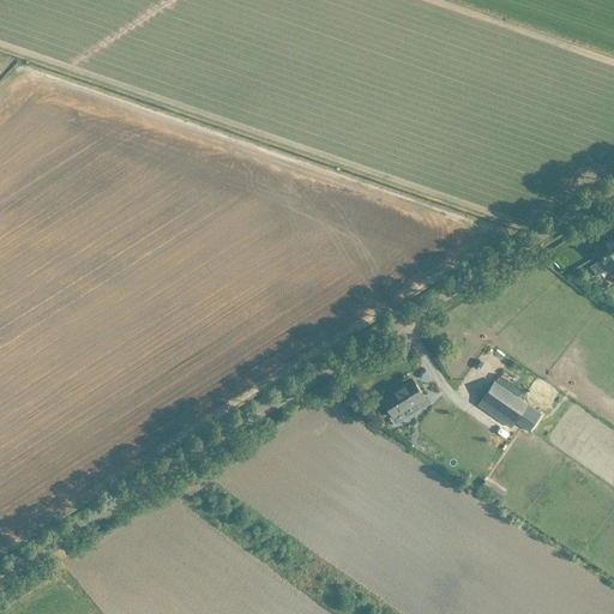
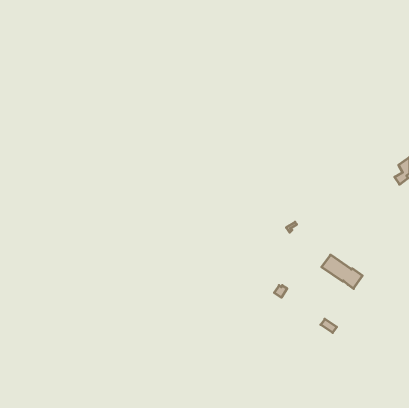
building: [384,381,426,419] -> none

